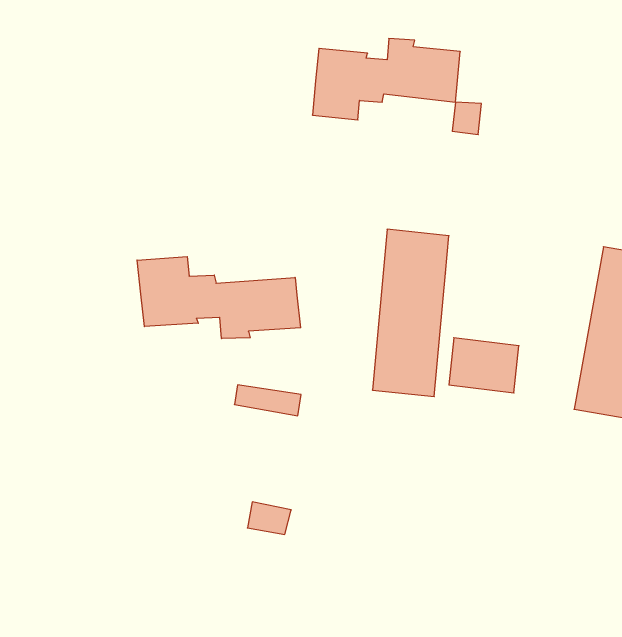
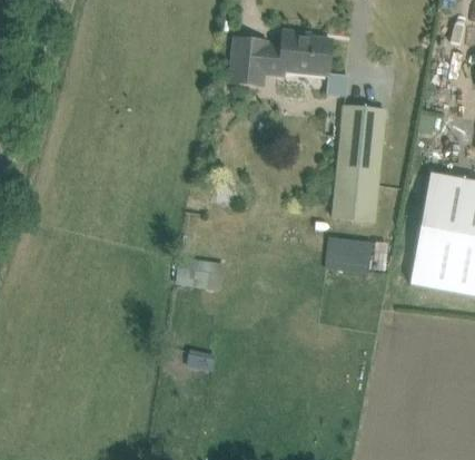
building: [372,229,449,397] -> [331,105,384,219]
building: [137,257,301,339] -> none

